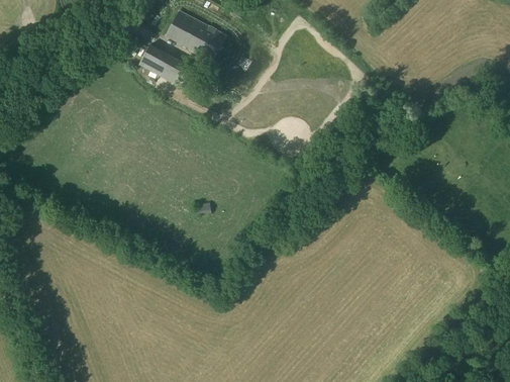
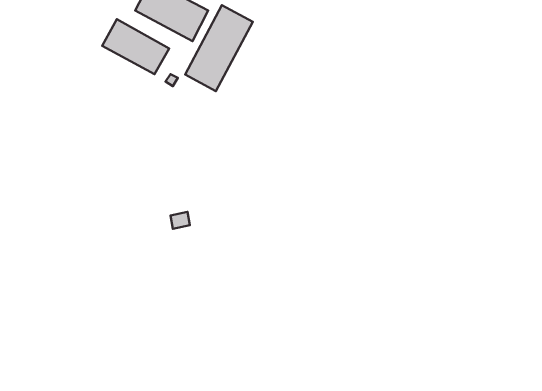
building: none -> [185,5,253,91]

